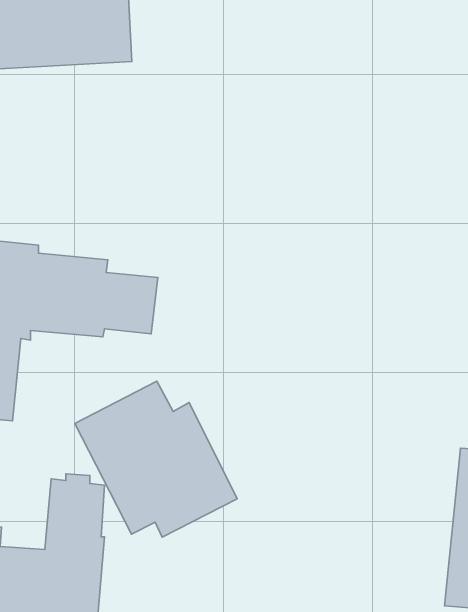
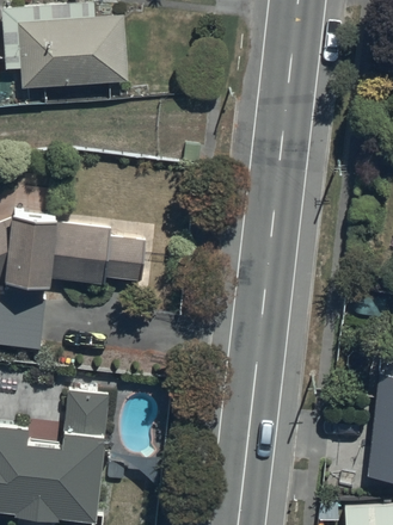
building: [75,381,237,537] -> none

